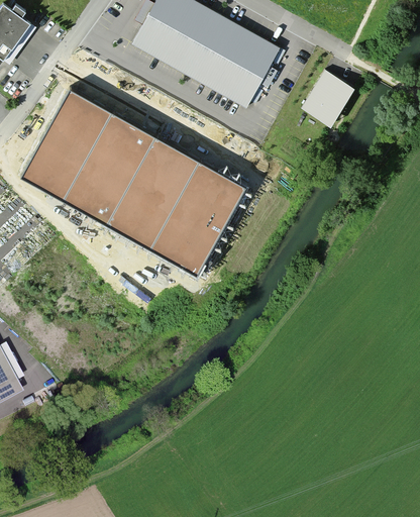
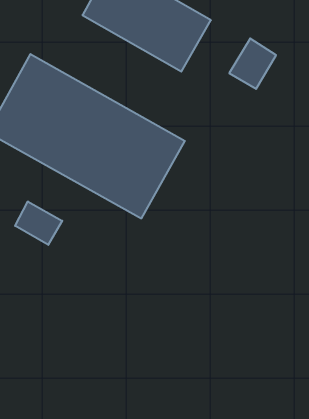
building: none -> [15,201,62,245]

